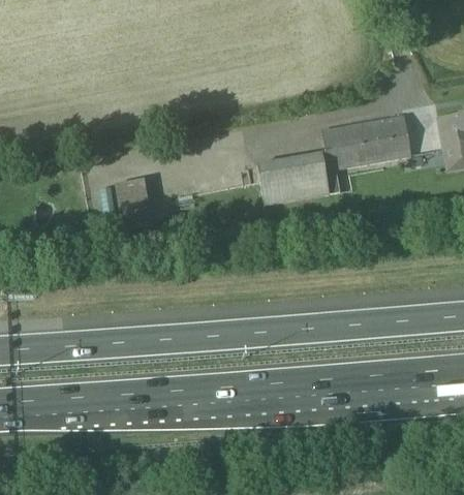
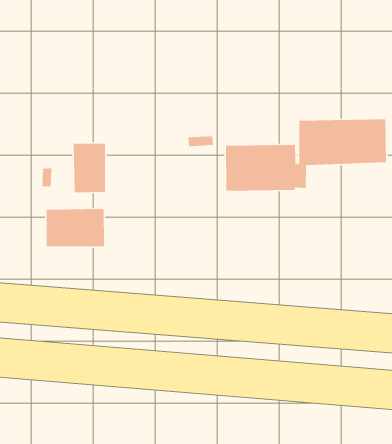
building: none -> [46,208,105,247]

